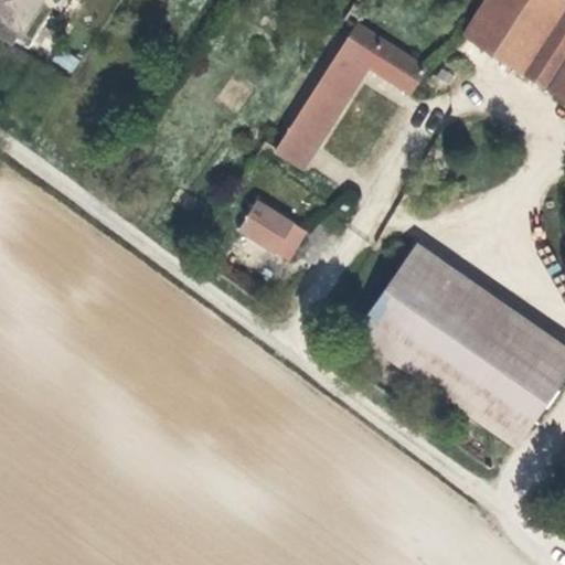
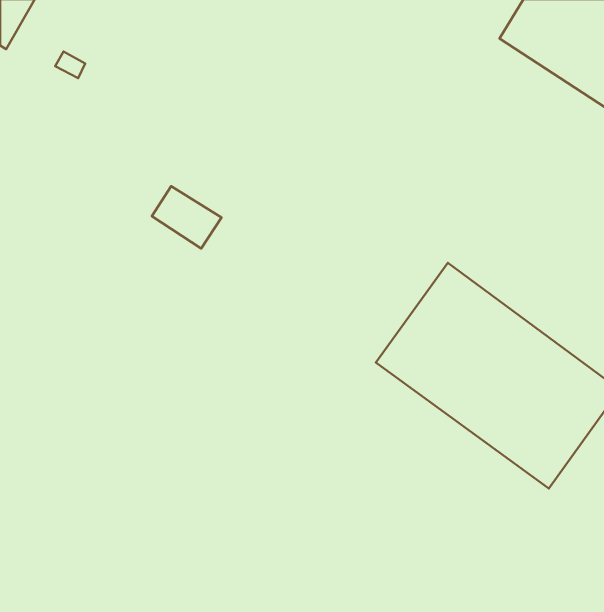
building: [276,26,426,166] -> none
building: [243,203,307,260] -> [152,186,222,249]

